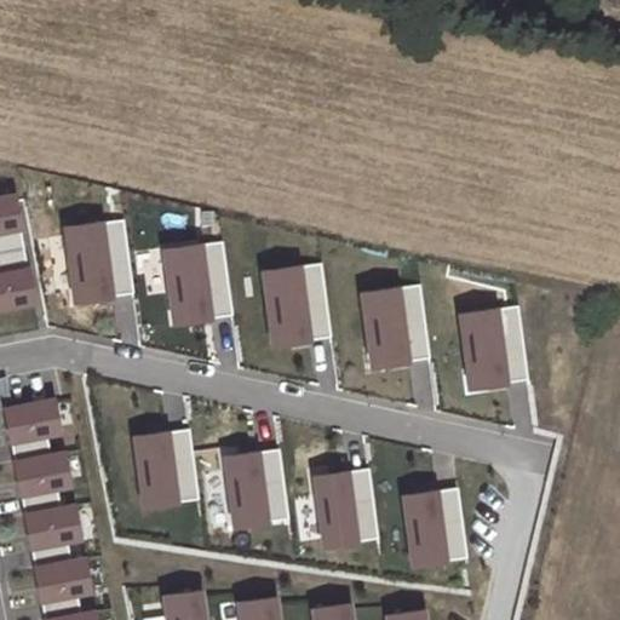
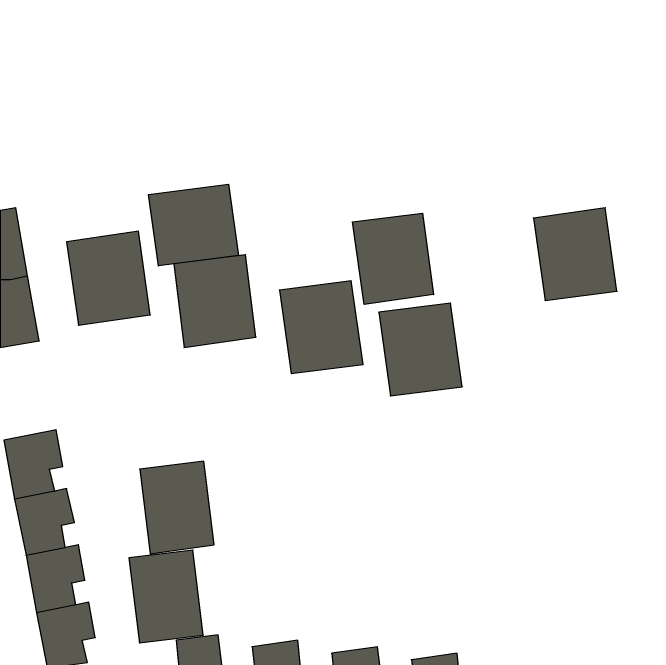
building: none -> [148,184,238,266]
building: none -> [353,213,434,304]
building: [455,303,533,389] -> [533,208,617,300]
building: [218,442,287,528] -> [129,550,203,643]
building: [310,463,379,549] -> none
building: [398,484,467,570] -> none

